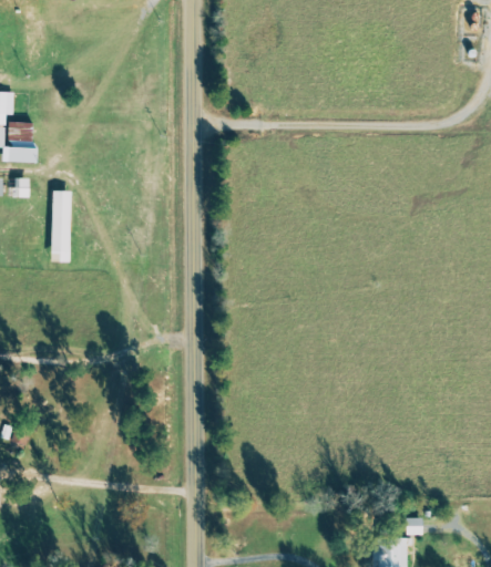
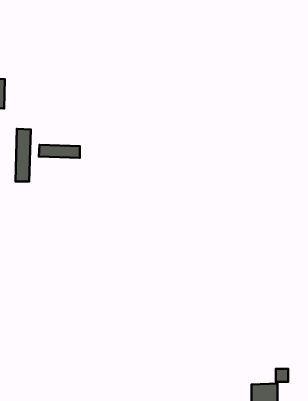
building: none -> [39,145,80,158]

